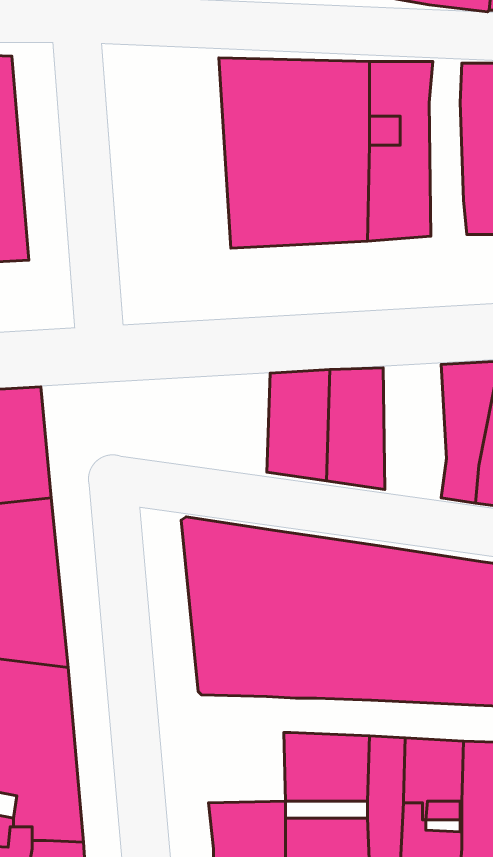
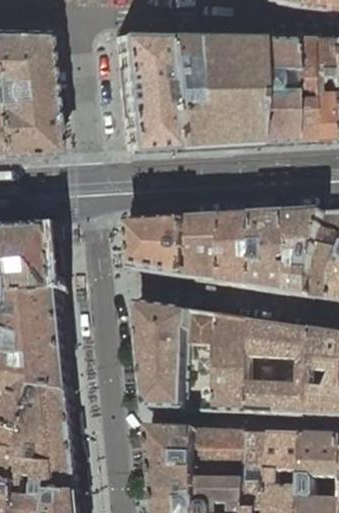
building: none -> [111,33,165,148]
building: none -> [282,36,304,138]
building: none -> [255,213,292,292]
building: none -> [131,218,189,277]
building: none -> [148,426,198,470]

